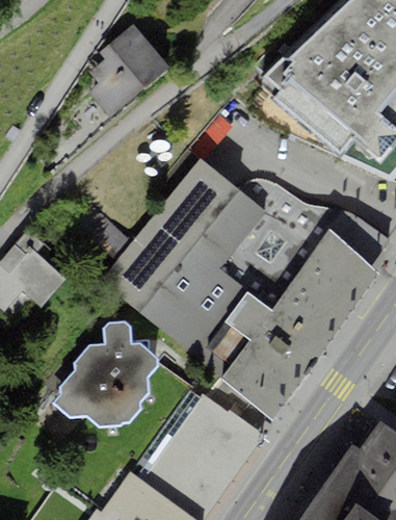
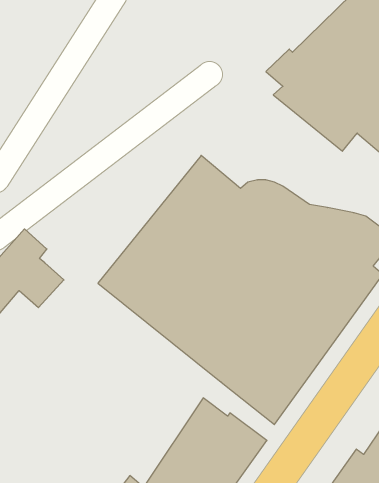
building: [87,25,167,116] -> none
building: [52,321,157,427] -> none

